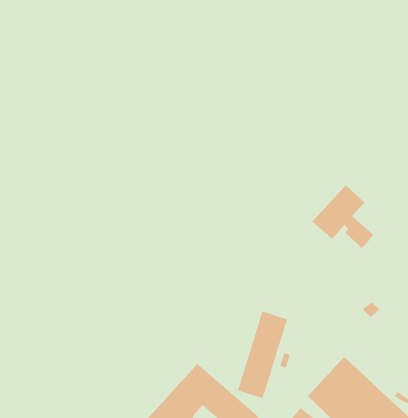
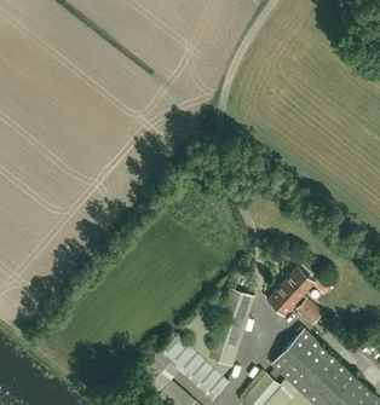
building: [311,185,375,249] -> [267,266,323,323]

